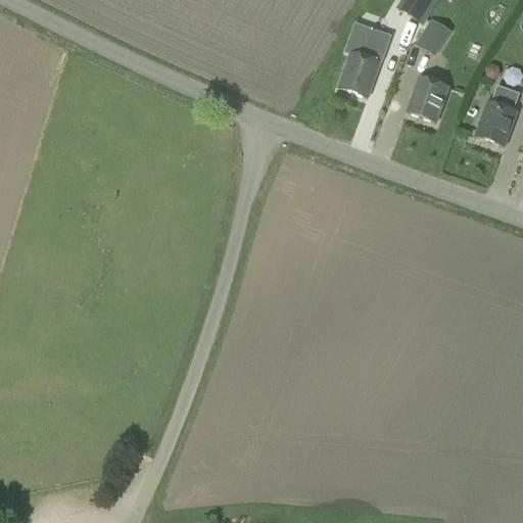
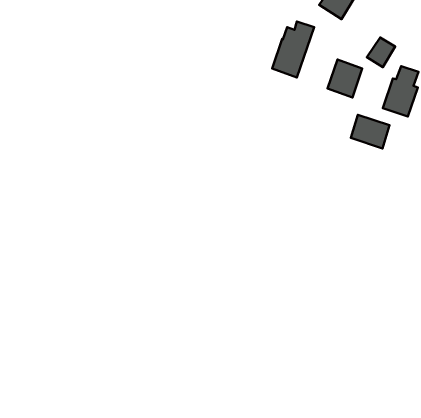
building: [416,17,450,54] -> [367,37,395,67]
building: none -> [351,115,390,148]

